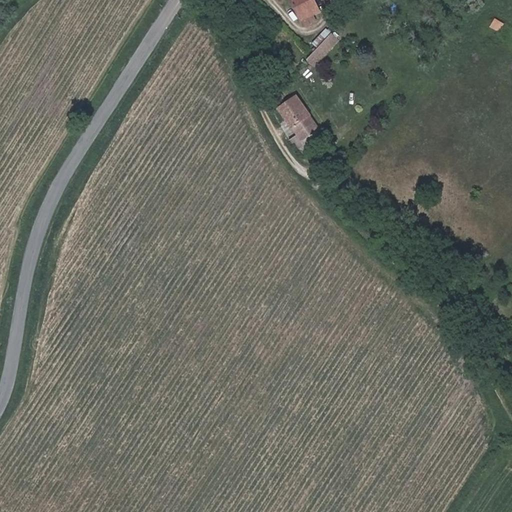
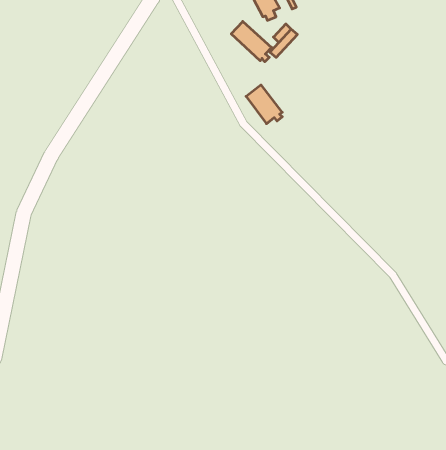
building: none -> [231,21,272,62]

